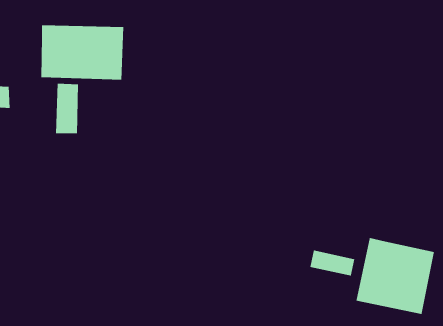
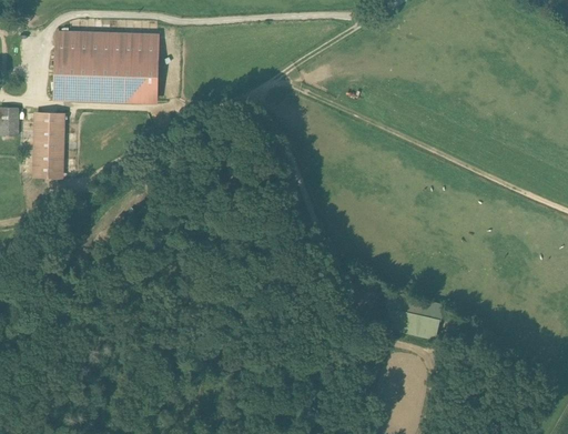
building: [55,83,79,134] -> [34,112,63,174]
building: [356,237,435,315] -> none

